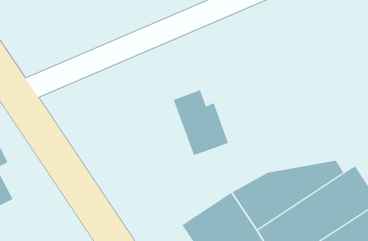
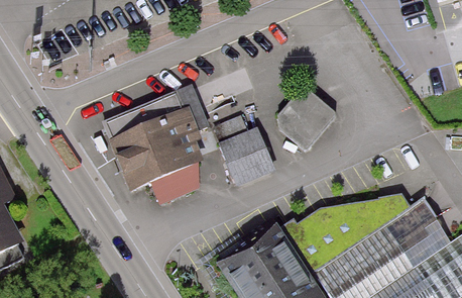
building: none -> [282,85,342,147]
building: none -> [99,90,215,209]

